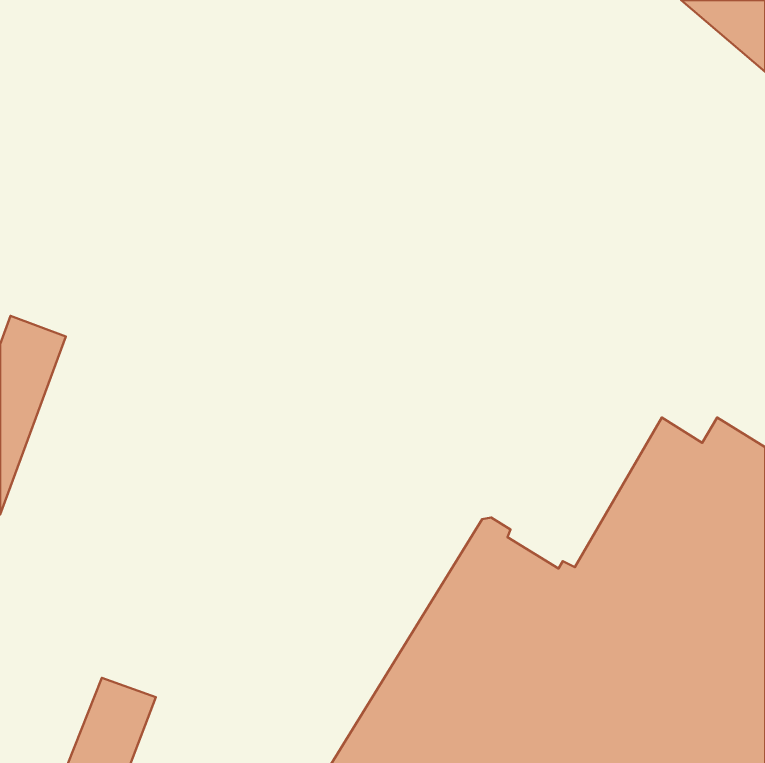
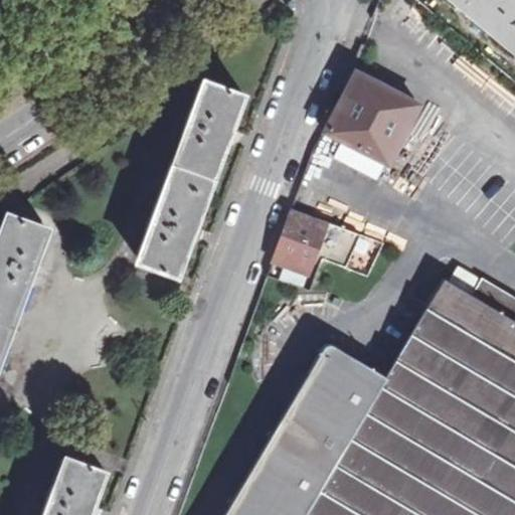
building: none -> [326,70,419,166]
building: none -> [140,80,243,275]
building: none -> [271,210,358,276]

